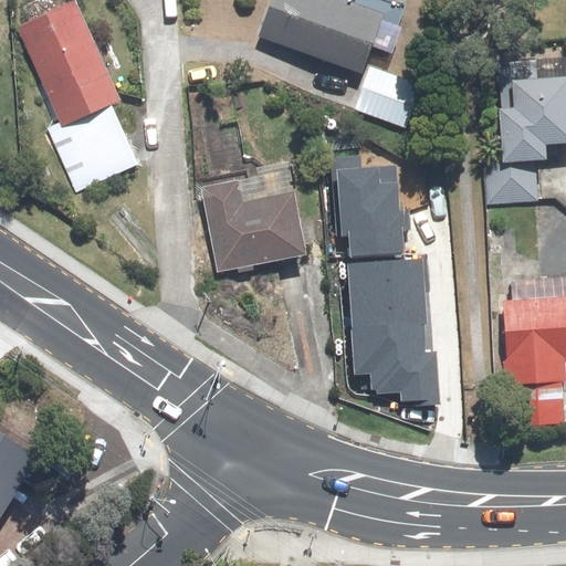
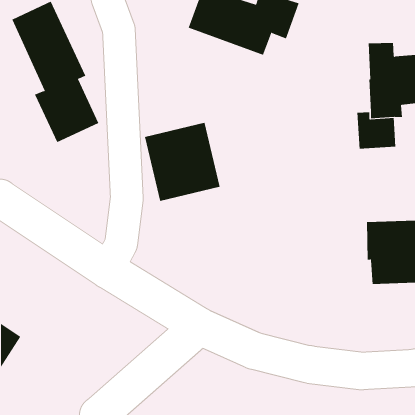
building: [352,63,422,126] -> none
building: [332,154,408,255] -> none
building: [348,256,441,405] -> none

